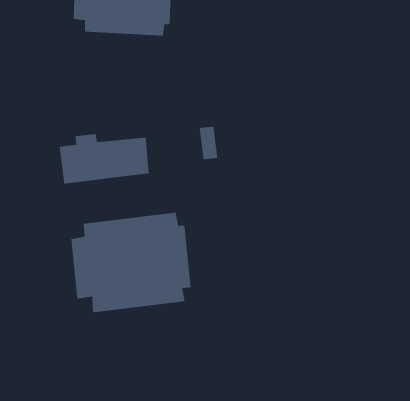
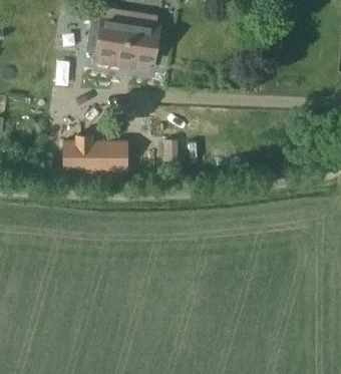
building: [71,212,191,313] -> none

